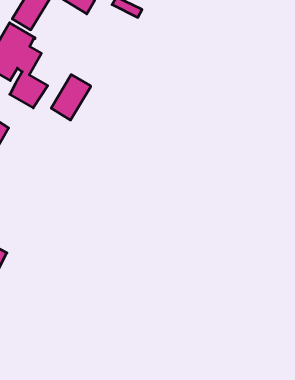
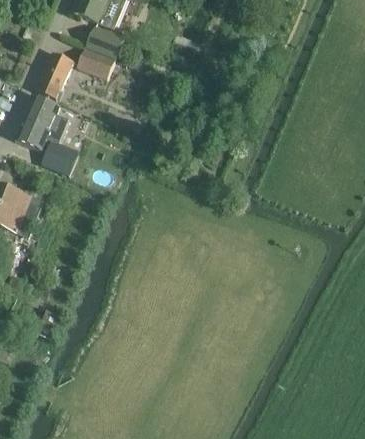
building: [51,75,91,120] -> none

